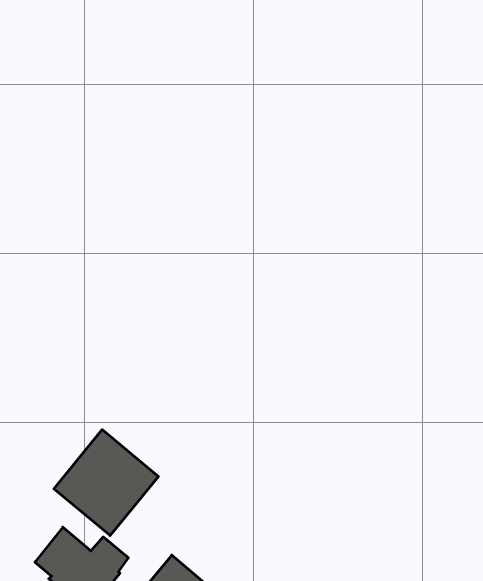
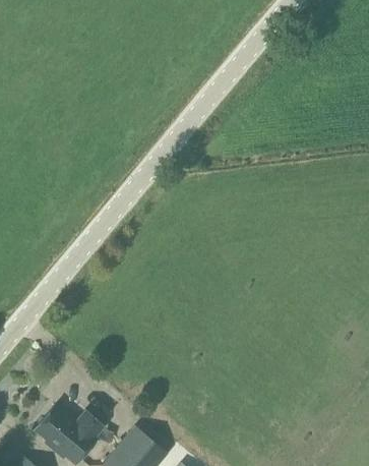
building: [54,430,158,536] -> none

